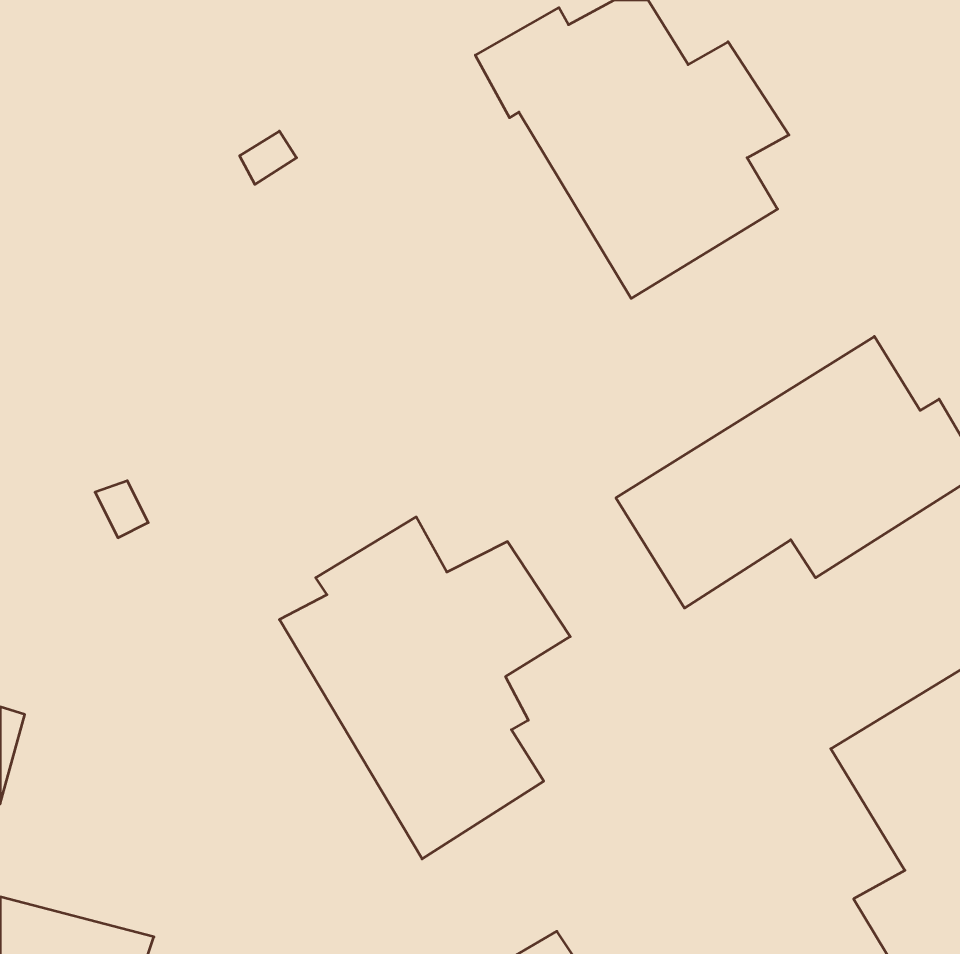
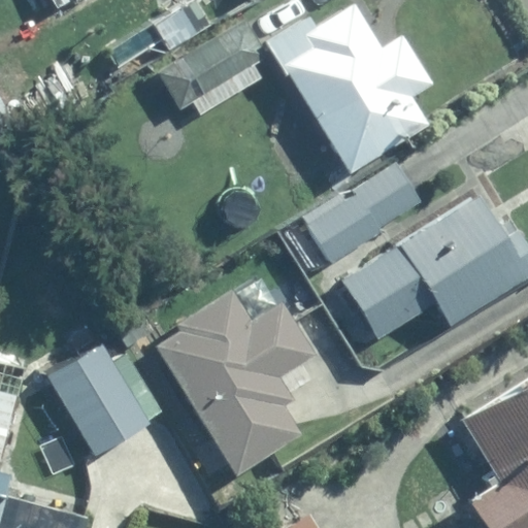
building: none -> [160,20,269,117]
building: none -> [307,169,421,266]
building: none -> [46,342,150,457]

